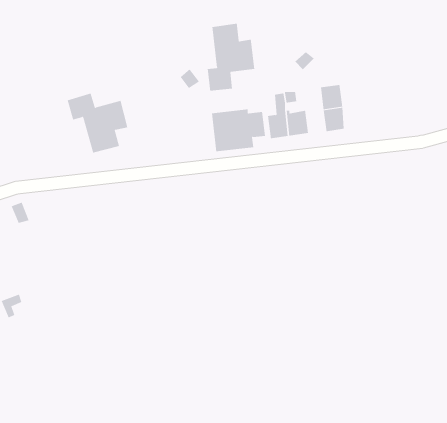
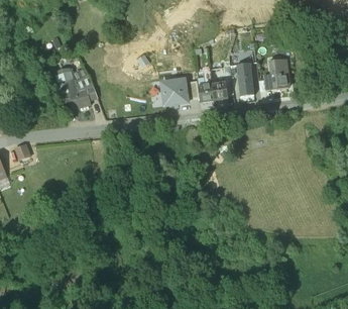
building: [207,23,255,91] -> none
building: none -> [263,58,286,89]

